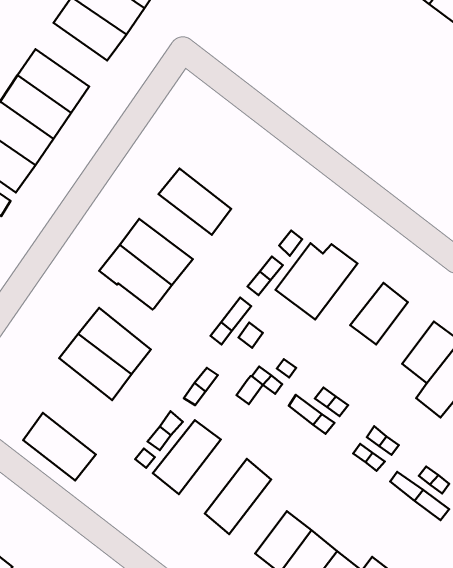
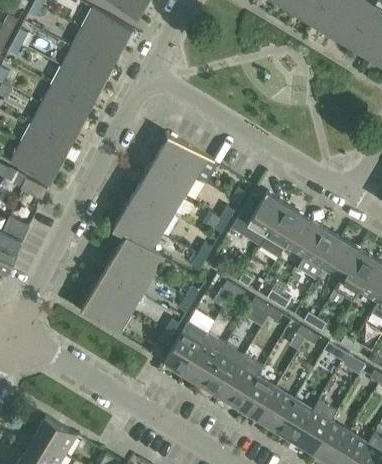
building: none -> [52,66,101,106]
building: none -> [158,135,208,177]
building: none -> [135,173,185,214]
building: none -> [261,204,304,256]
building: none -> [115,236,165,278]
building: none -> [298,226,341,278]
building: [23,413,96,480] -> [81,291,131,334]
building: none -> [183,333,226,384]
building: none -> [220,356,263,407]

